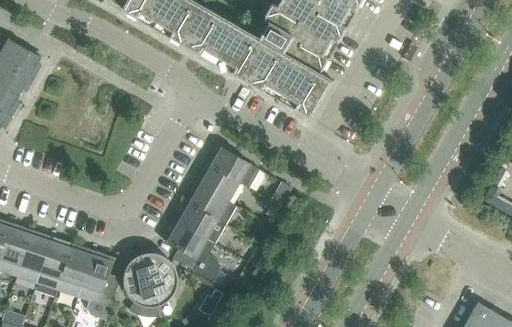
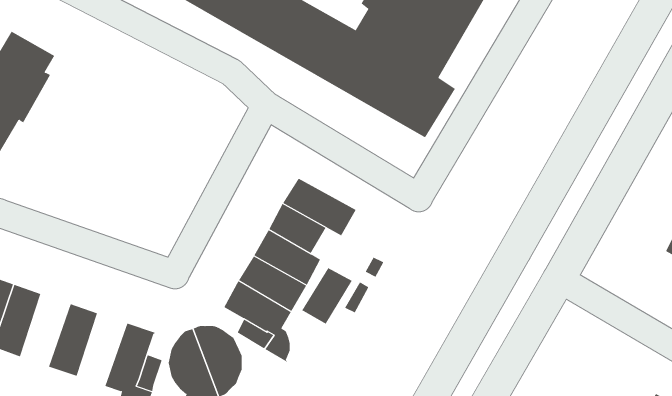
building: none -> [301,267,352,325]
building: [16,230,52,283] -> none
building: [57,244,93,297] -> none

